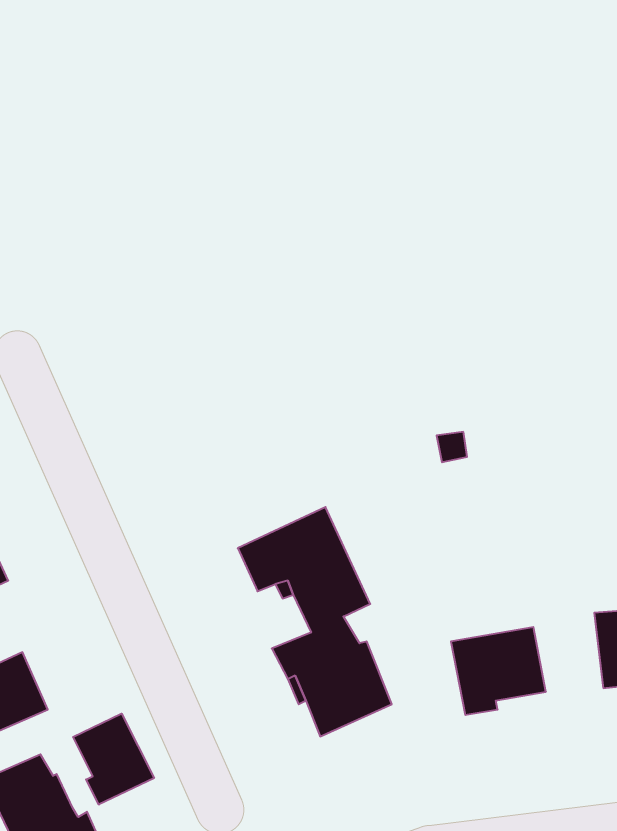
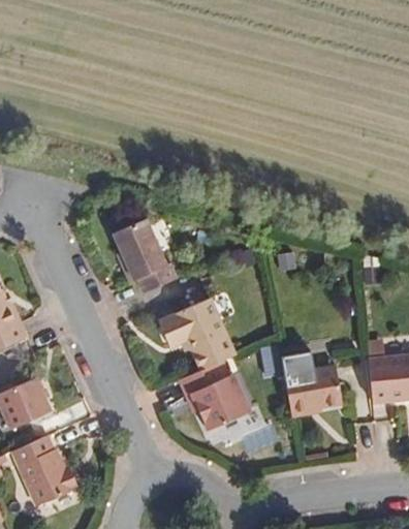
building: none -> [112,219,178,293]
building: [73,714,154,805] -> none

